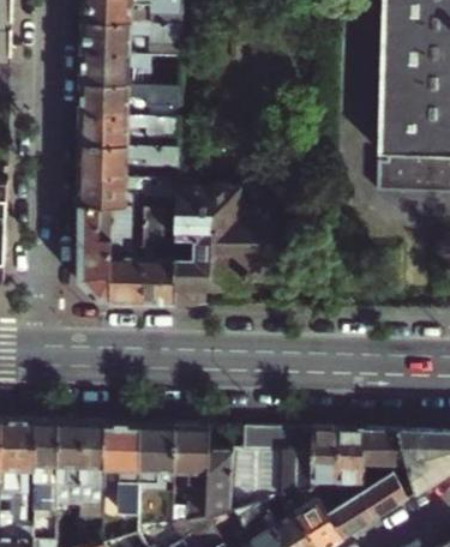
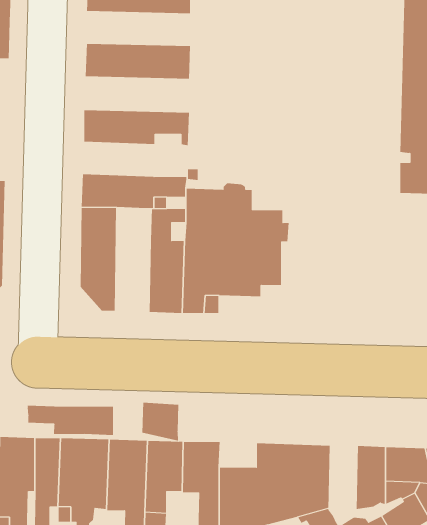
building: [83,23,181,55] -> none
building: [80,84,180,118] -> none
building: [79,145,179,178] -> none
building: [110,206,143,305] -> none
building: none -> [142,402,179,441]
building: none -> [27,405,113,436]
building: [311,429,337,494] -> none

